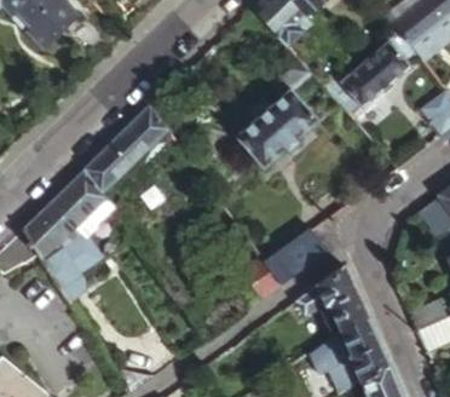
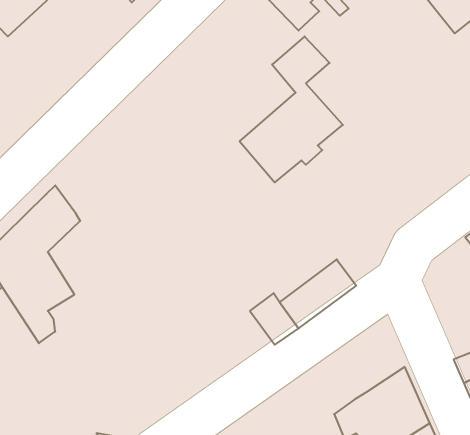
building: [323,27,416,115] -> none
building: [82,107,172,195] -> none
building: [298,267,369,340] -> none

